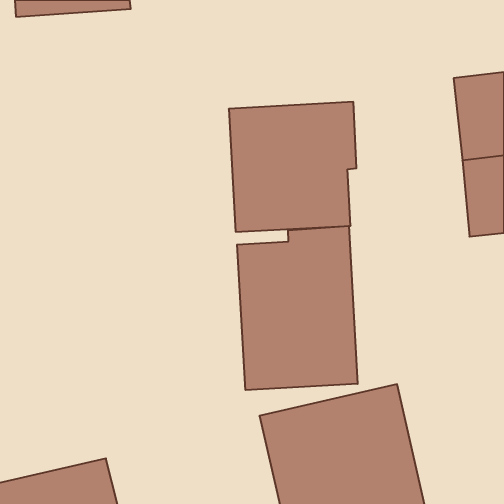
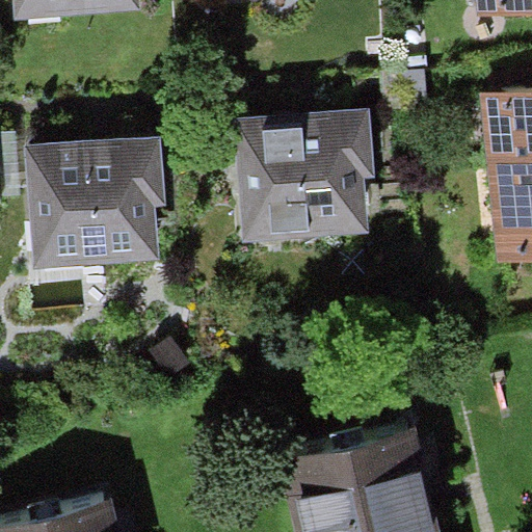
building: none -> [26,140,165,268]
building: [237,226,358,390] -> none

